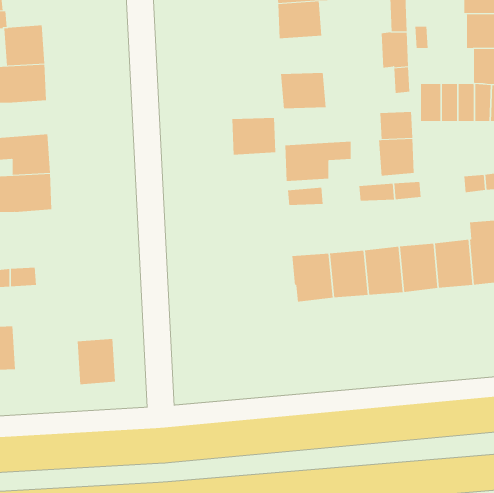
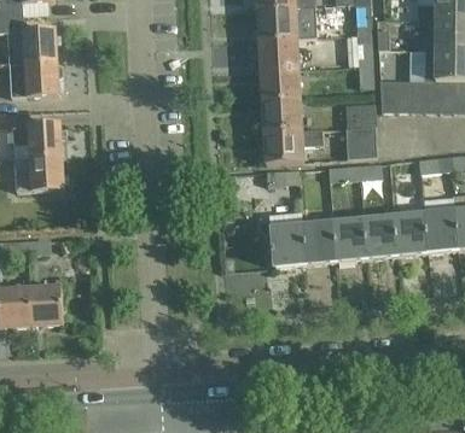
building: none -> [258,36,297,69]
building: [231,117,276,155] -> [262,98,301,130]
building: [77,338,116,385] -> [29,283,63,323]

